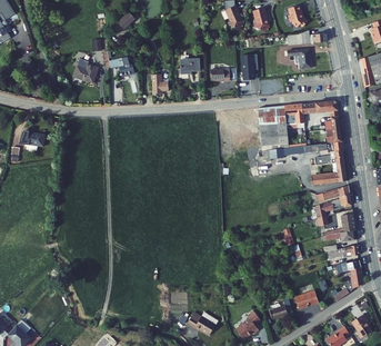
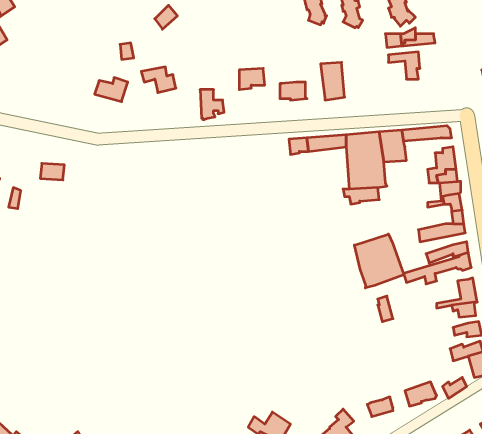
building: none -> [354,234,404,288]

